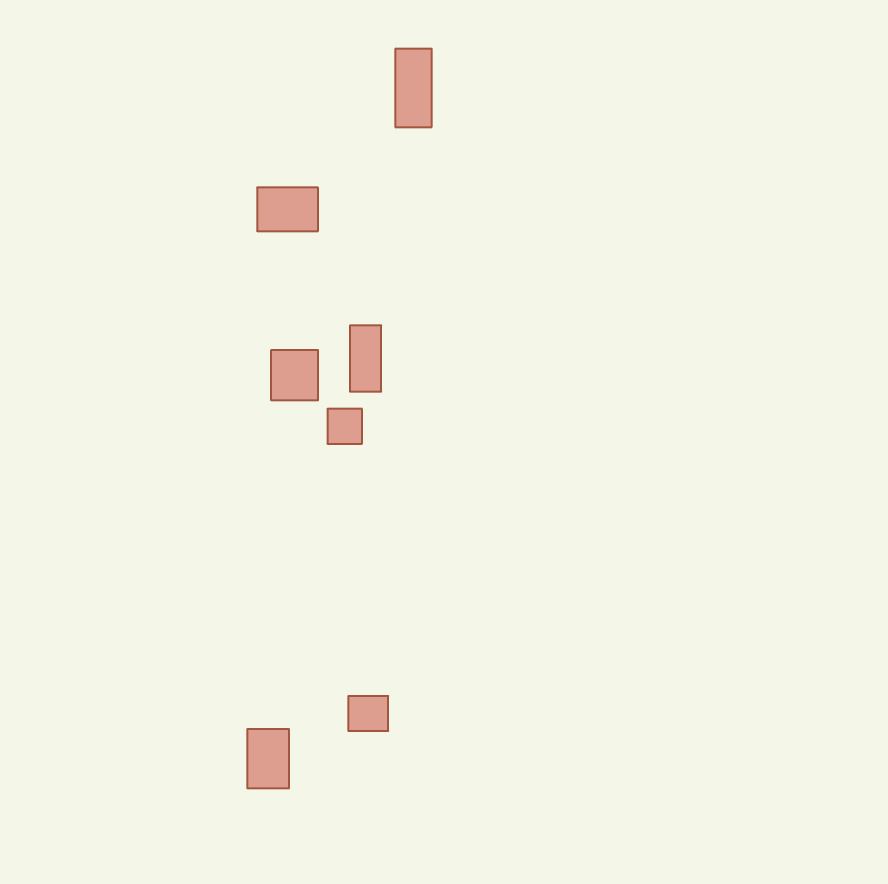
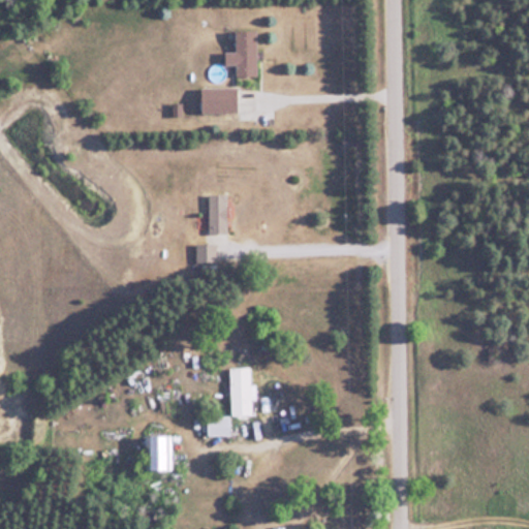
building: [257,188,318,231] -> [200,89,237,115]
building: [271,350,318,400] -> none
building: none -> [230,371,254,416]

